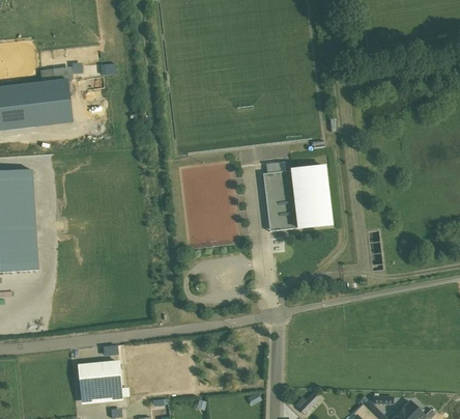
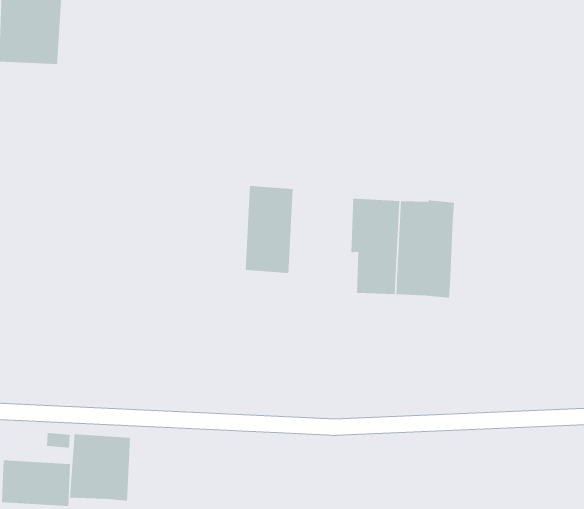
building: none -> [245,185,293,274]
building: none -> [69,433,131,502]

